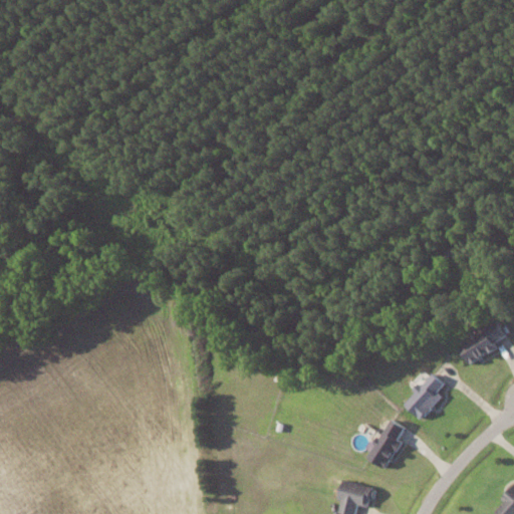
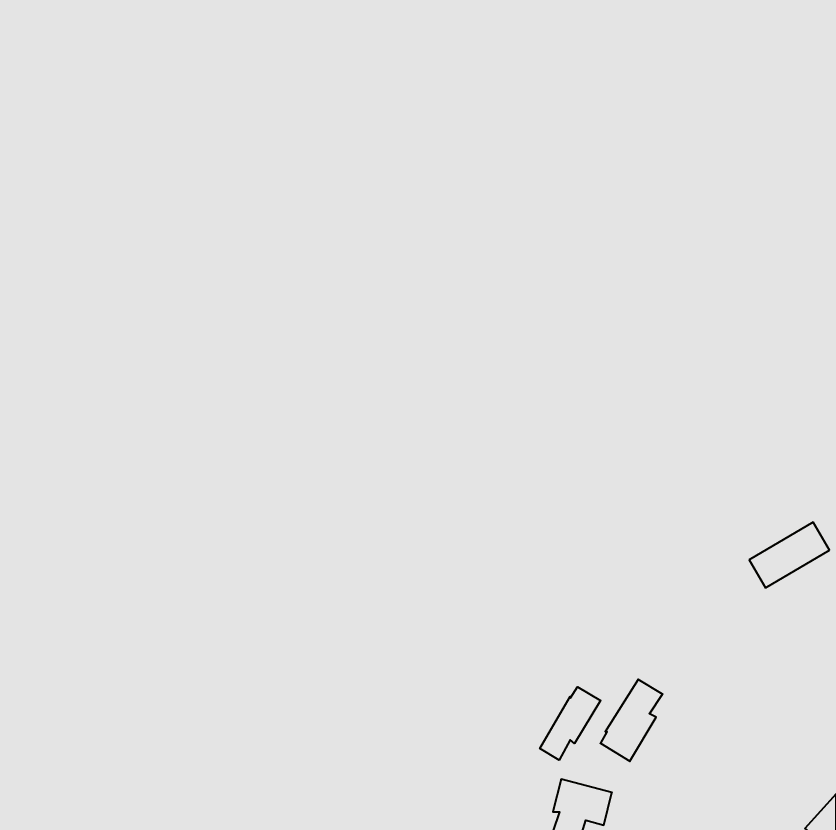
building: [405,374,446,422] -> none
building: none -> [540,687,601,760]

